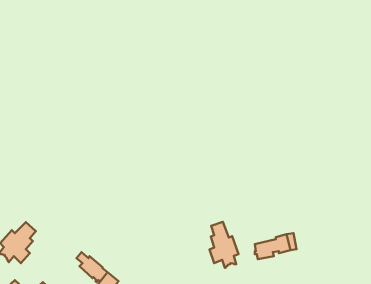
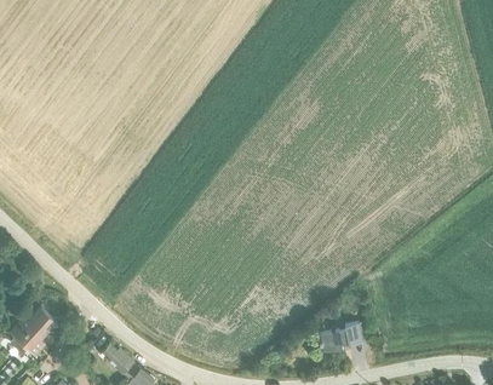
building: [209,222,238,268] -> none

